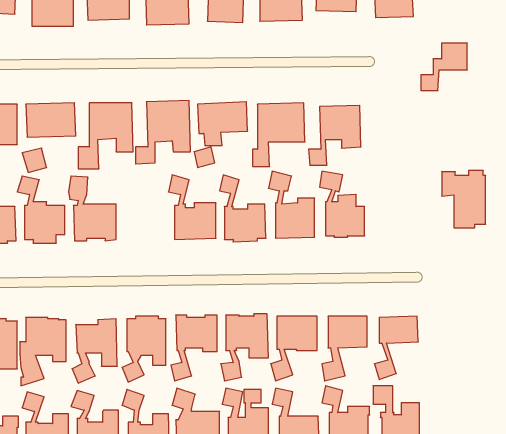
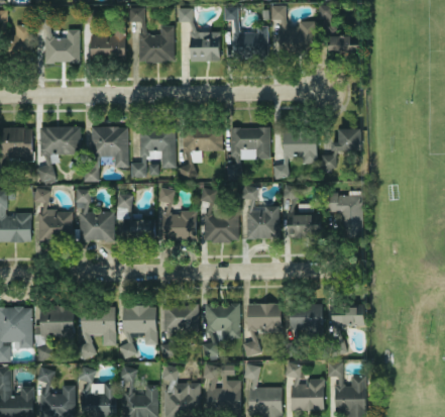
building: [421,43,467,91] -> [322,129,360,169]
building: [442,171,486,228] -> [326,191,362,238]
building: none -> [116,193,155,243]

